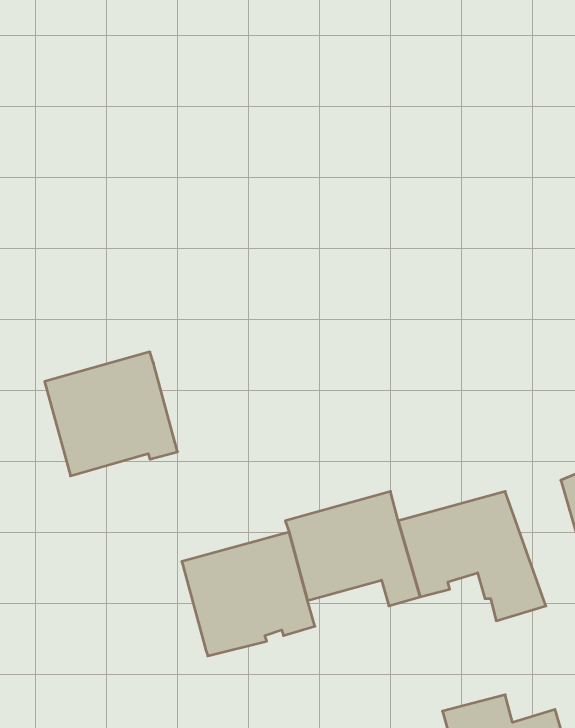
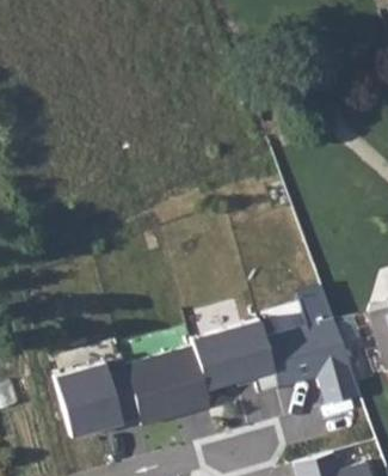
building: [45,352,178,476] -> [55,358,141,438]

